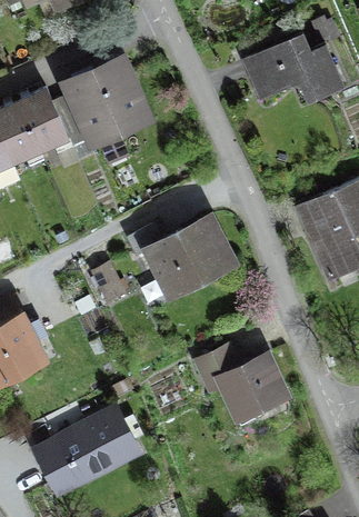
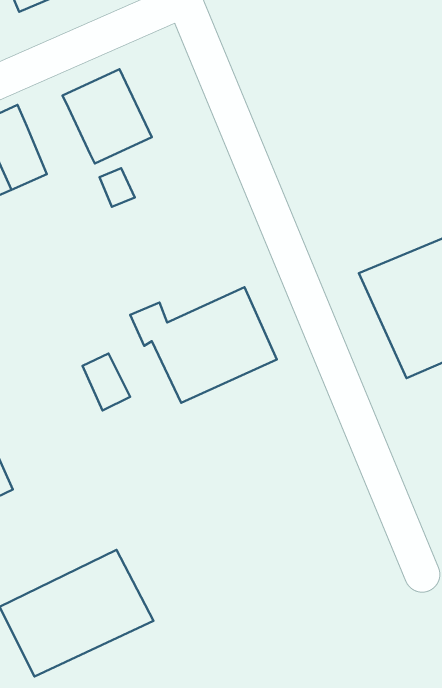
building: [246,34,347,111] -> none
building: [53,88,99,136] -> none
building: [193,351,290,425] -> none

